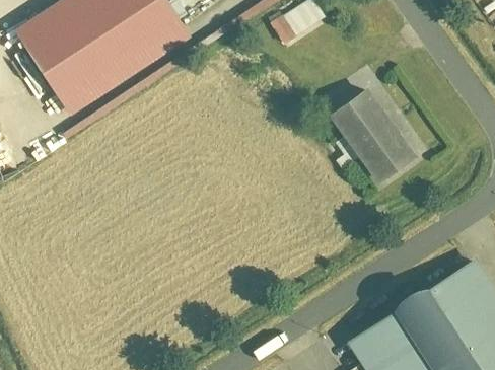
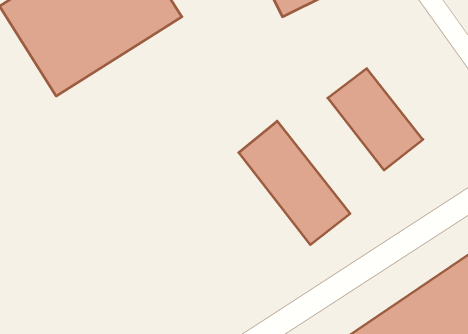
building: none -> [239,121,350,245]

